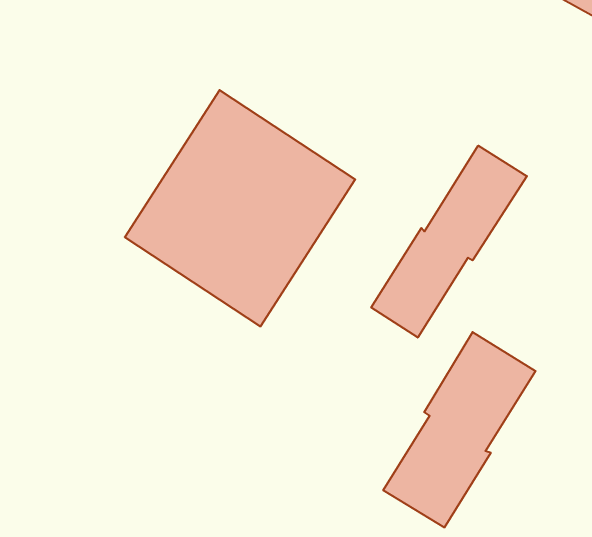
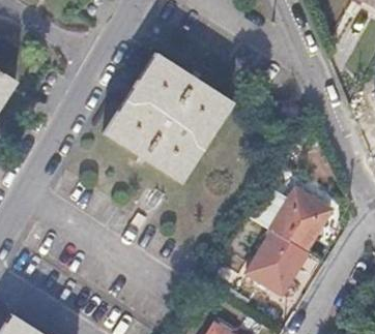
building: [371,146,527,338] -> none

